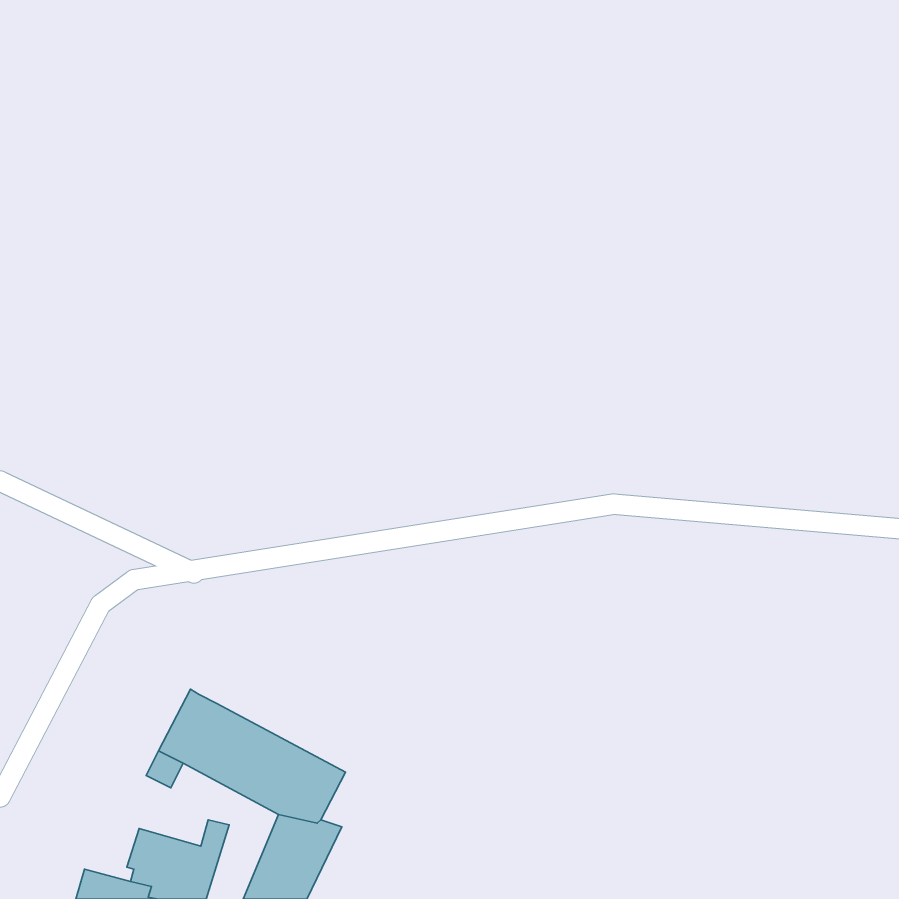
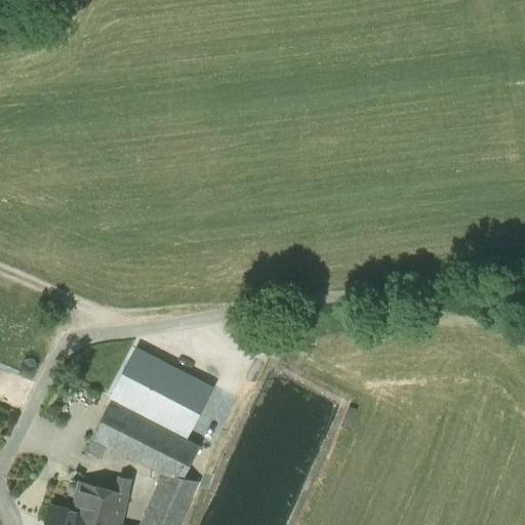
building: none -> [114,352,210,435]

